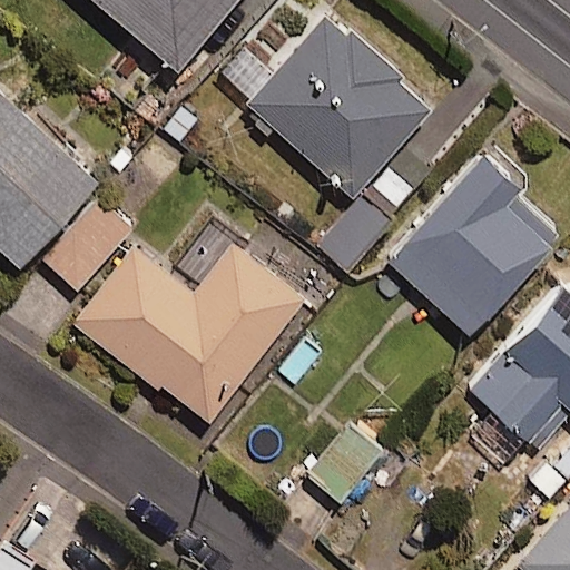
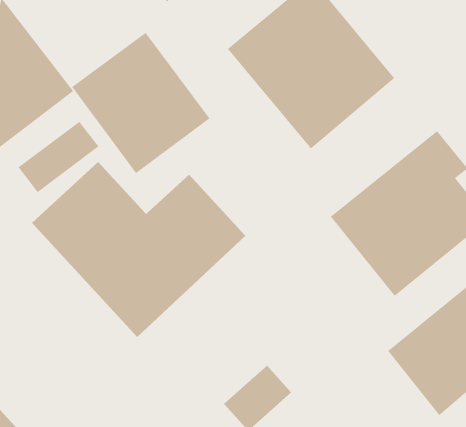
building: none -> [71,32,210,174]

